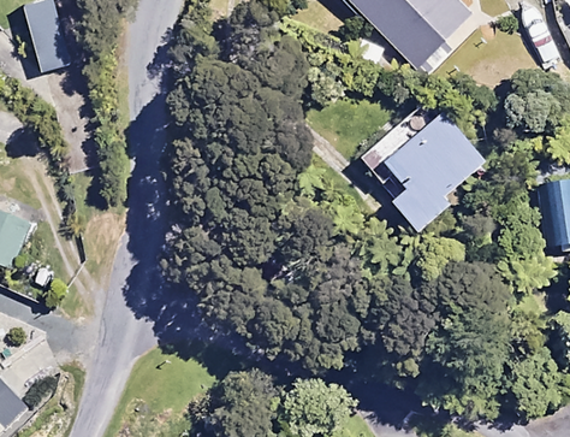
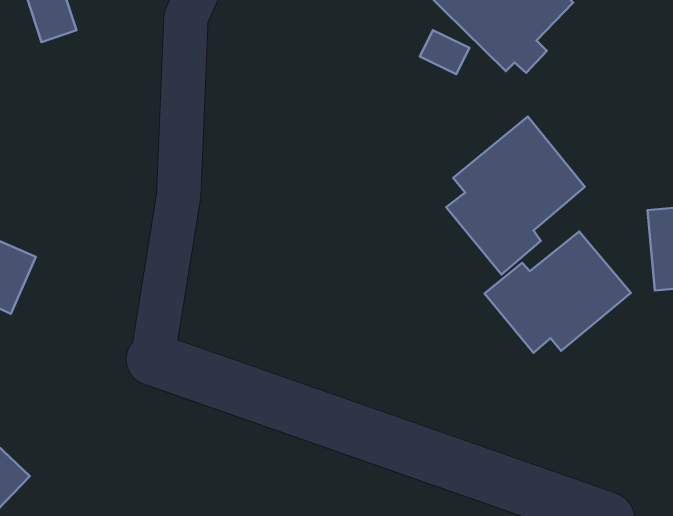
building: none -> [484,232,631,353]

